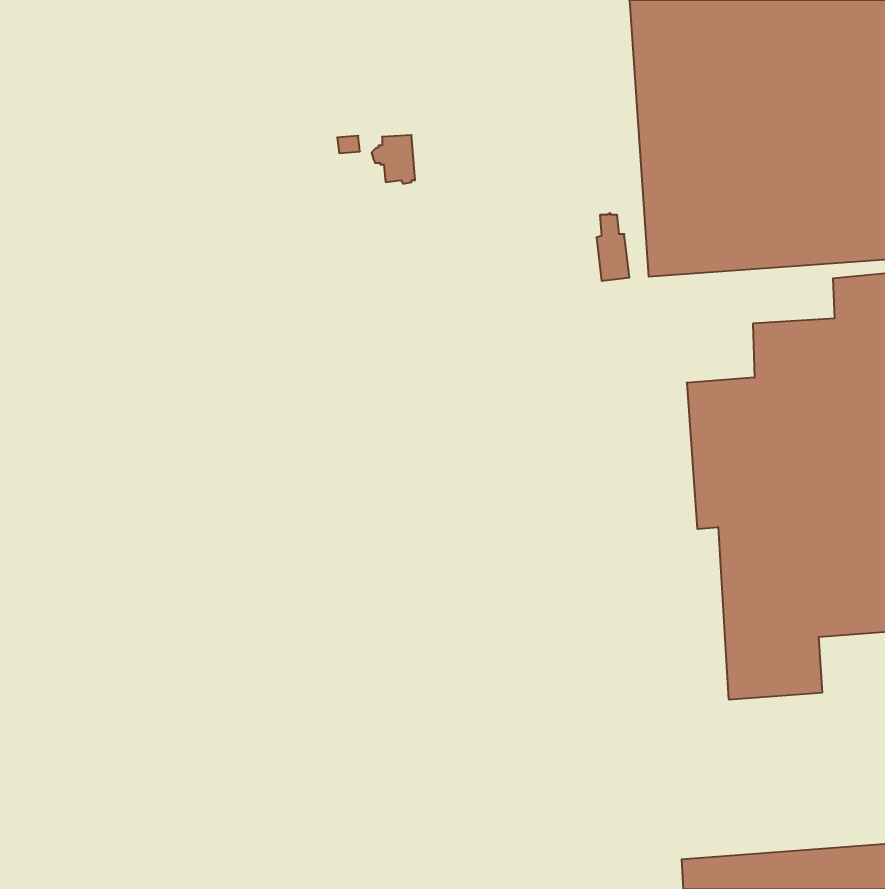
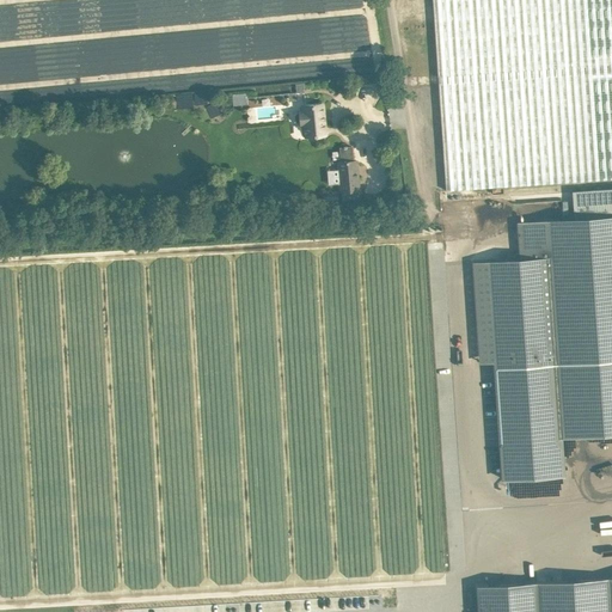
building: [372,135,415,184] -> [298,104,328,137]
building: [596,213,629,281] -> [339,146,362,192]

